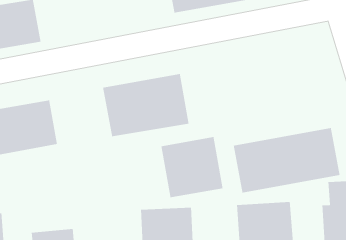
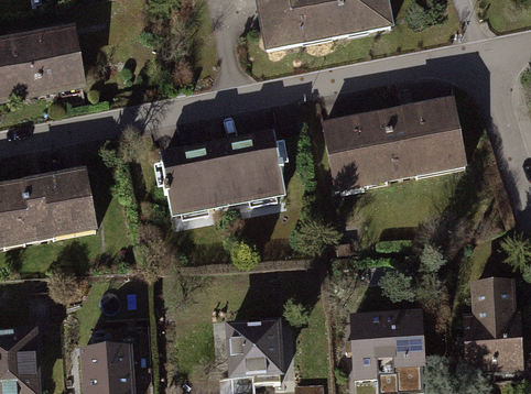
building: [233,127,341,193] -> [324,100,468,189]
building: [161,136,223,198] -> none

